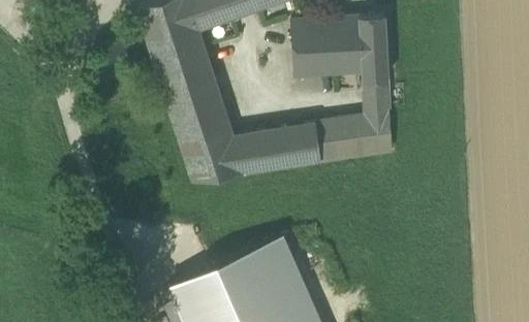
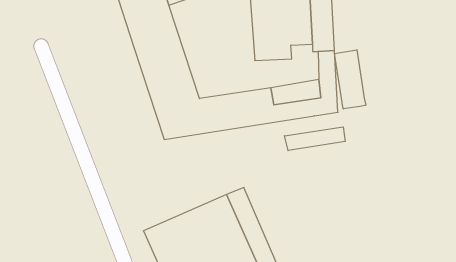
building: none -> [335,50,366,109]
building: none -> [284,127,345,151]

